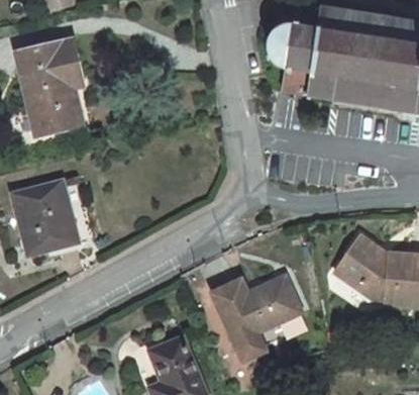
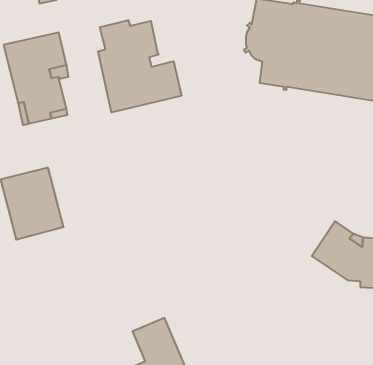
building: none -> [98,20,182,113]
building: [212,278,305,360] -> none

